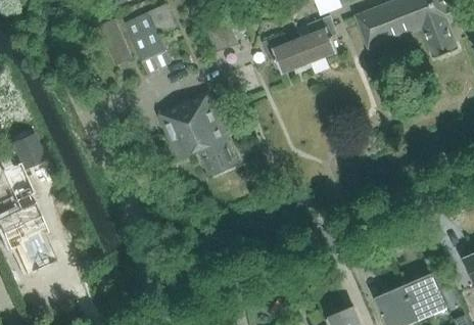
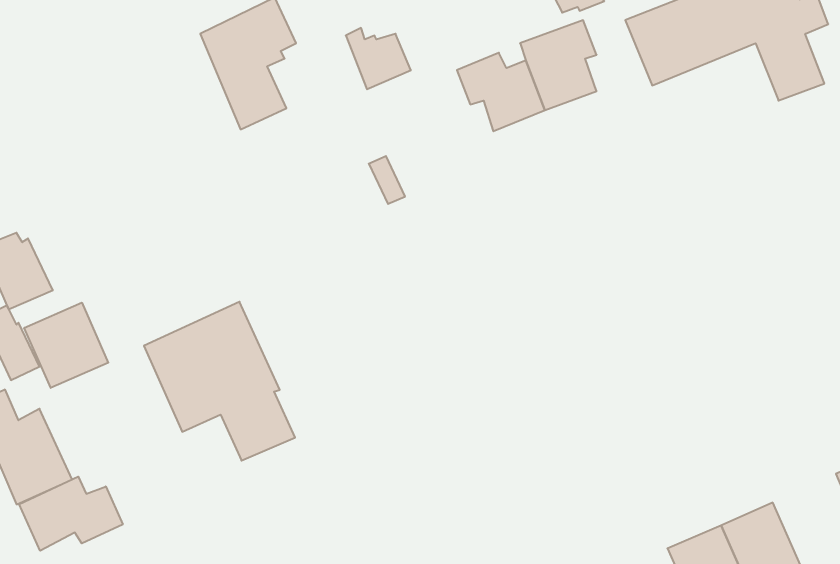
building: [97,18,132,65] -> none
building: [156,90,237,175] -> [144,302,295,461]
building: none -> [24,303,108,388]
building: none -> [19,477,123,551]

